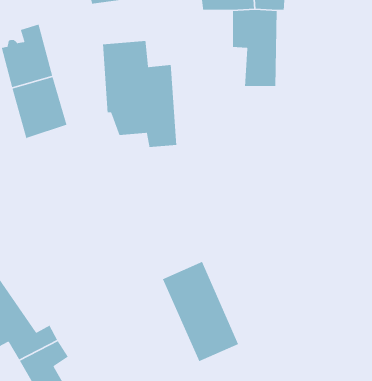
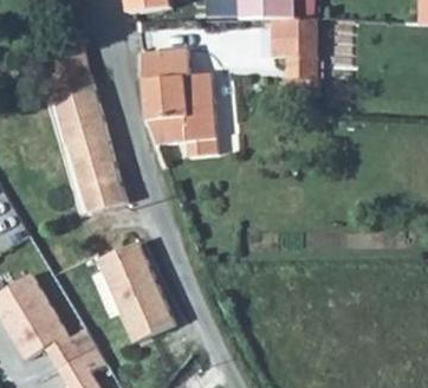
building: none -> [66,132,125,212]
building: [162,261,239,362] -> [97,239,174,340]

